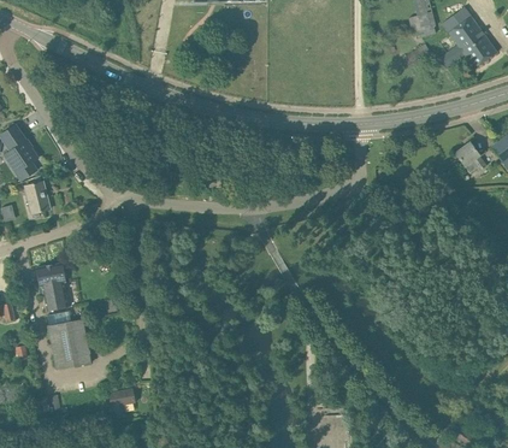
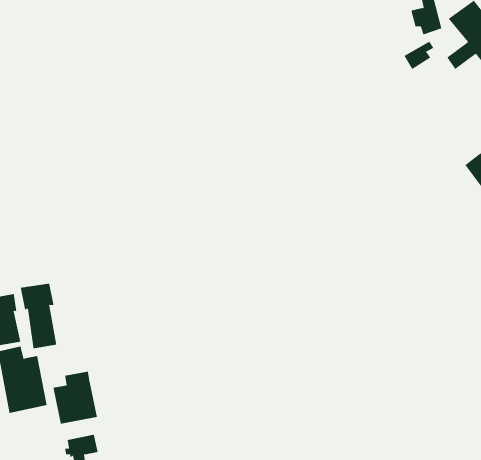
building: none -> [20,283,57,349]
building: none -> [53,371,97,425]

